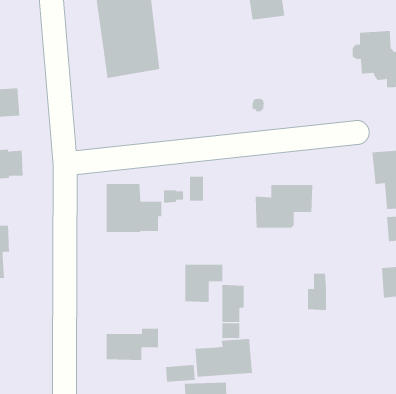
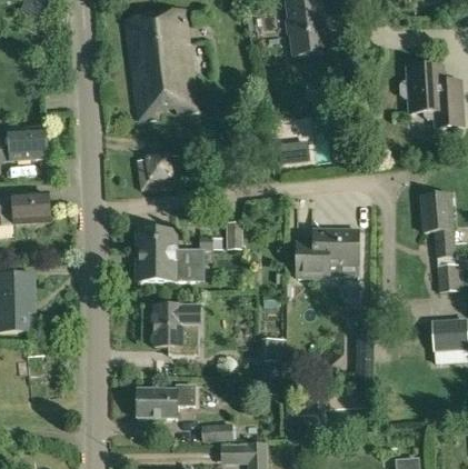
building: none -> [138,151,183,190]
building: [185,264,223,303] -> [156,306,197,347]
building: [195,338,252,377] -> none

